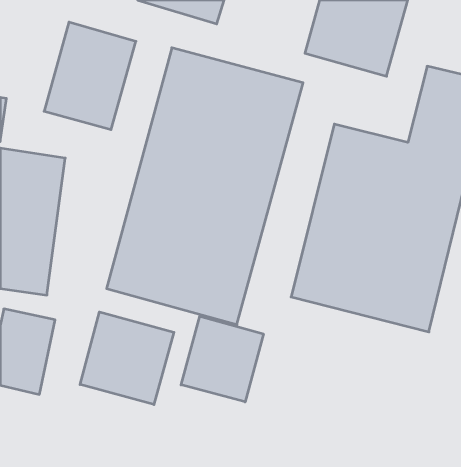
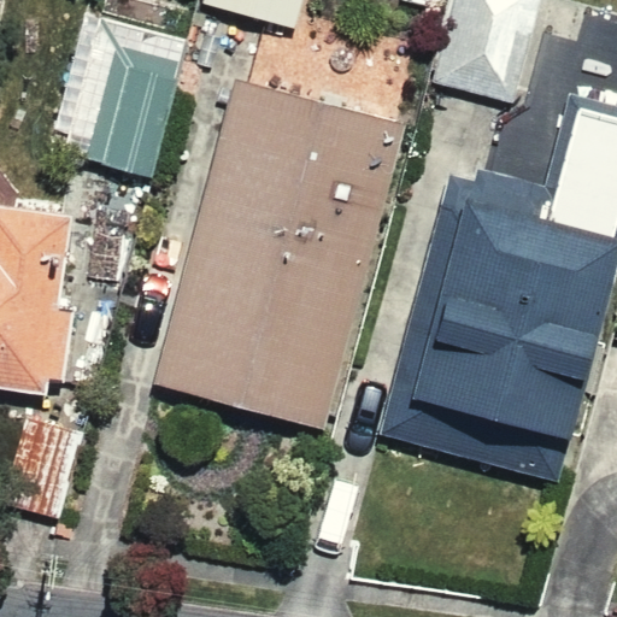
building: [80,312,174,405] -> none
building: [181,316,263,402] -> none

